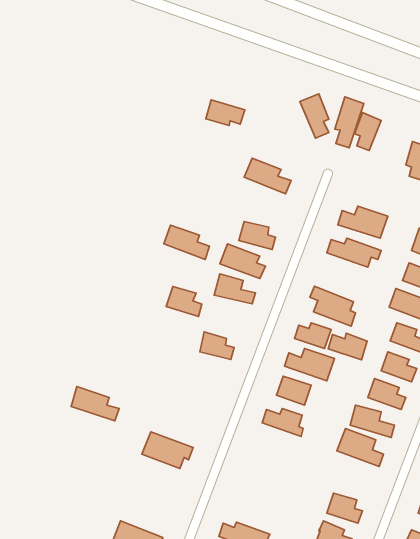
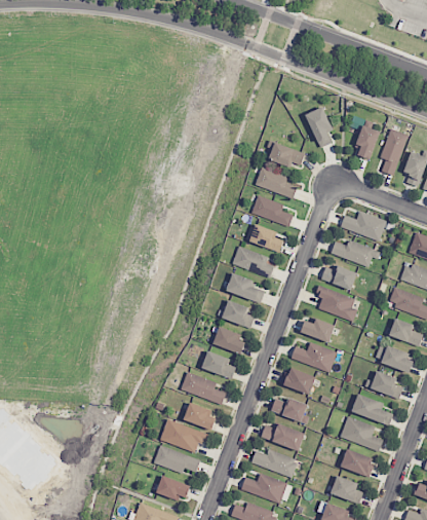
building: [335,97,364,148] -> [381,128,407,176]
building: [206,100,245,125] -> [269,143,305,166]
building: [164,225,210,260] -> [251,195,294,227]
building: [166,286,202,316] -> [222,300,255,328]
building: [328,333,367,360] -> [321,265,357,290]
building: none -> [202,351,236,378]
building: [71,386,119,421] -> [182,372,226,404]
building: none -> [184,402,216,431]
building: none -> [261,423,305,451]
building: none -> [153,445,201,474]
building: none -> [251,449,298,478]
building: none -> [341,449,375,477]
building: none -> [241,473,287,504]
building: none -> [157,475,191,502]

